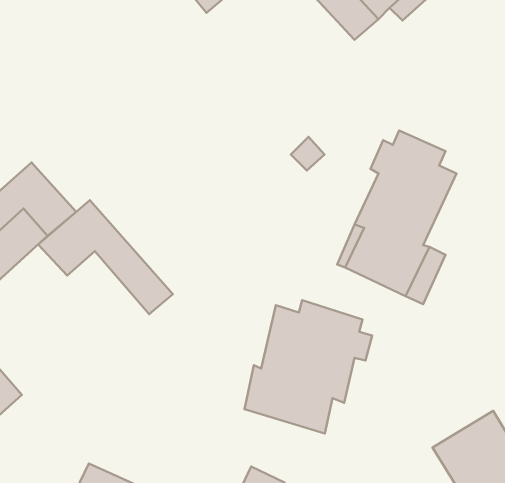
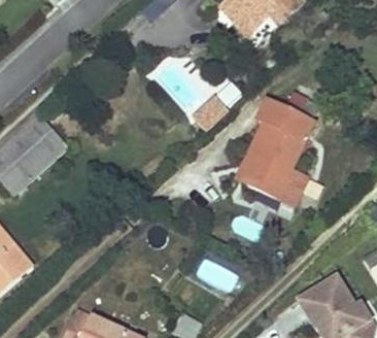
building: [38,200,173,314] -> none
building: [245,300,372,434] -> none

